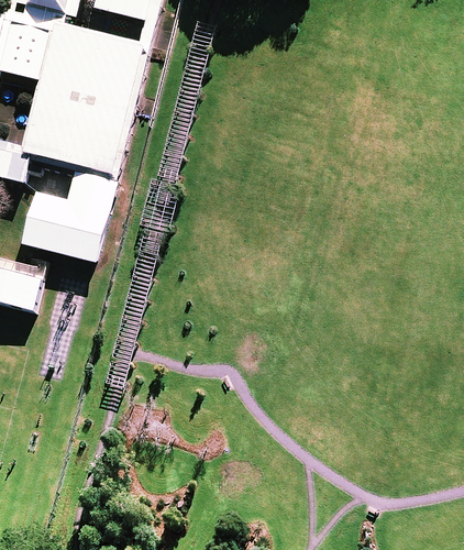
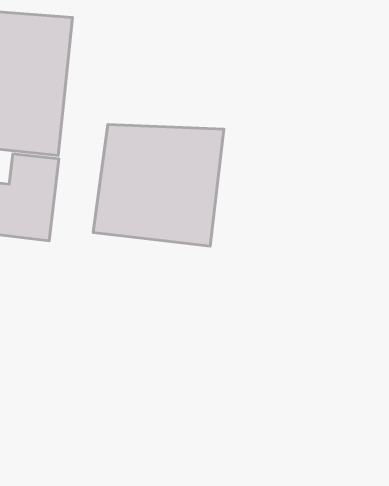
building: none -> [93,124,224,246]

